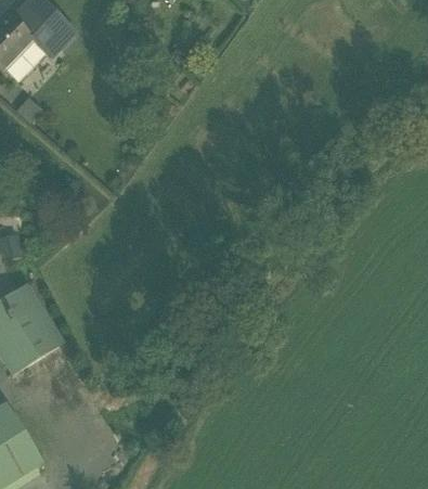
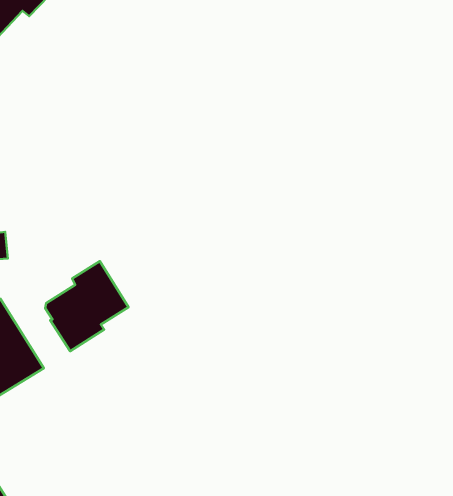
building: none -> [45,261,129,351]

